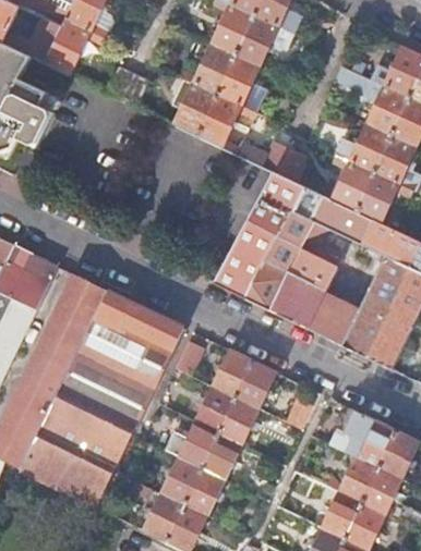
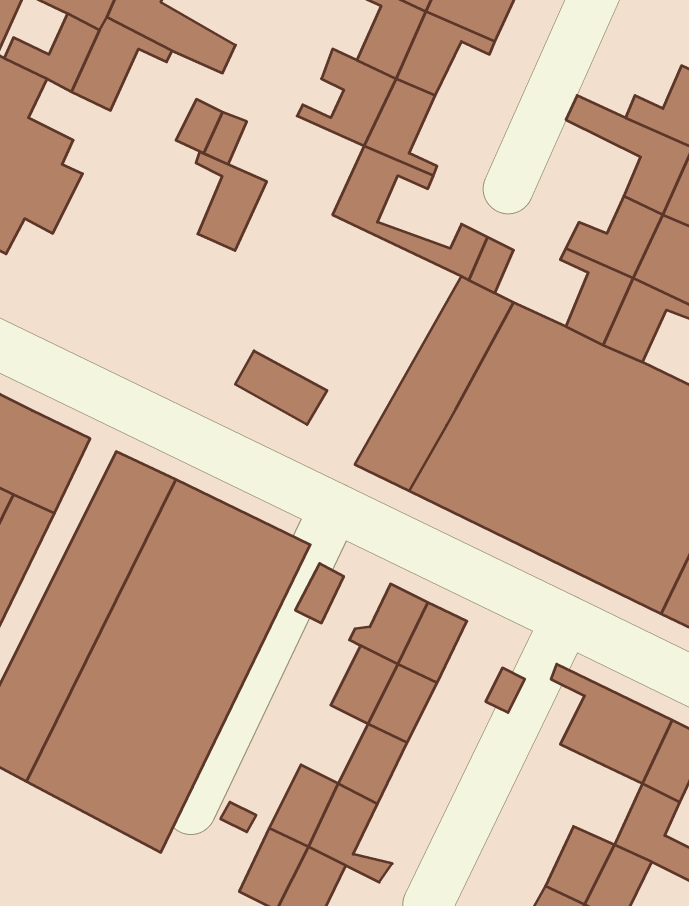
building: [175,76,216,134] -> [196,152,267,251]
building: none -> [235,351,327,425]
building: [179,420,218,466] -> none
building: [338,455,378,502] -> none

